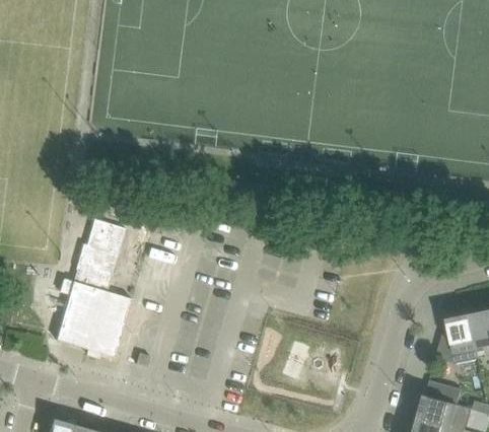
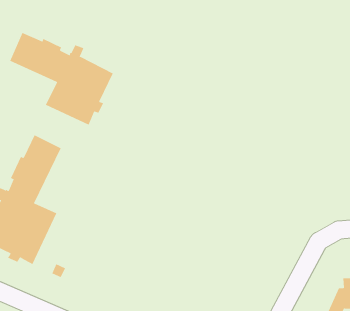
building: none -> [9,32,113,126]

